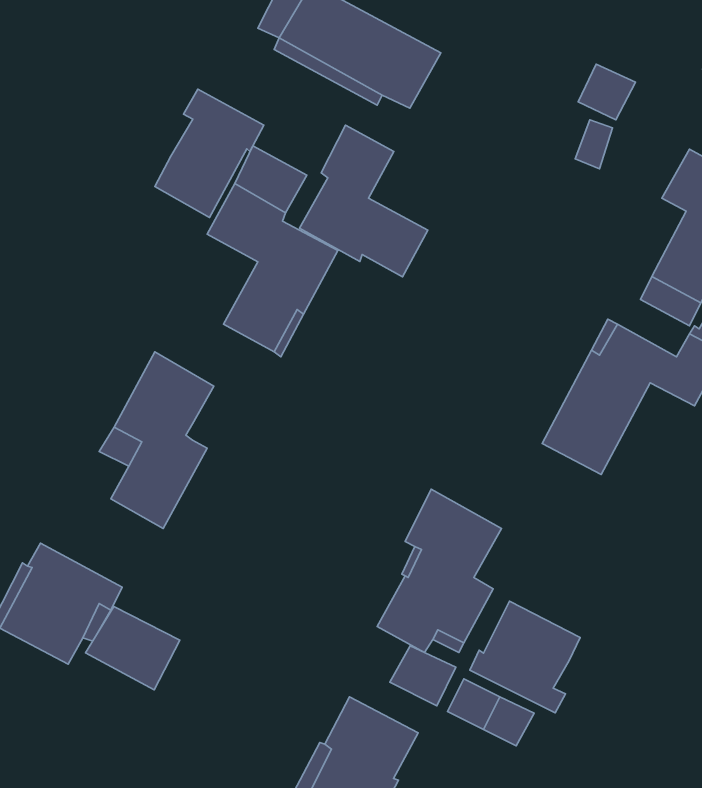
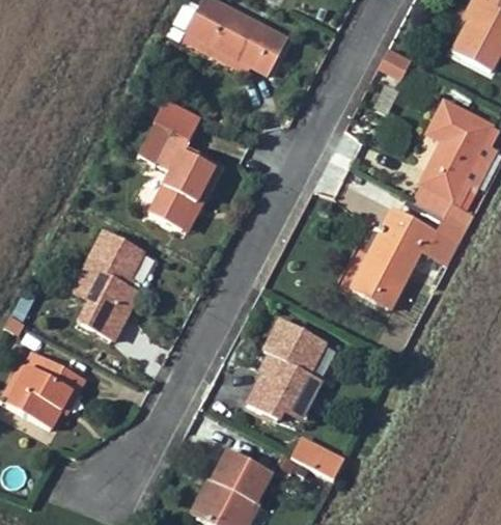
building: [155,89,264,218] -> none
building: [300,125,428,277] -> none
building: [470,601,580,713] -> none
building: [86,607,180,690] -> none
building: [390,646,456,706] -> none

